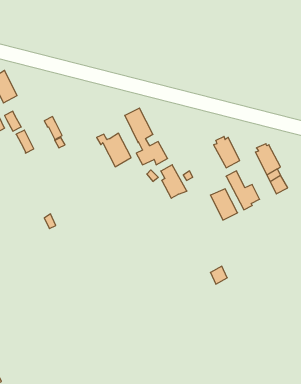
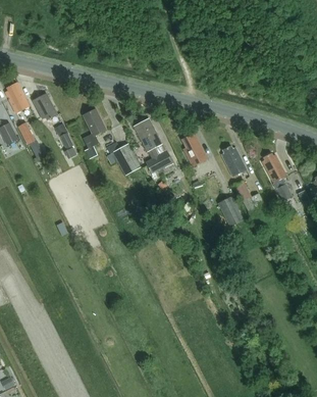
building: none -> [33,93,58,119]
building: none -> [83,109,106,149]
building: [161,165,187,198] -> [182,134,208,166]

